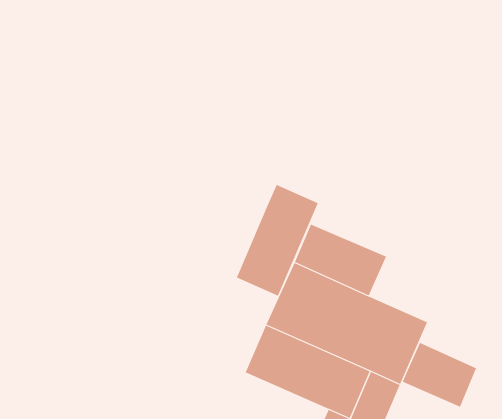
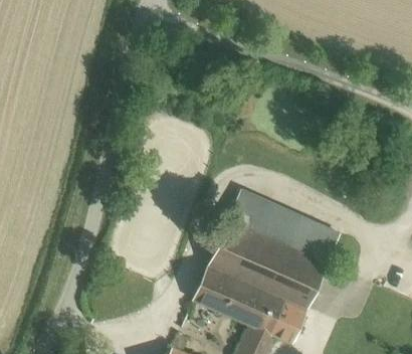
building: [236,184,319,297] -> none
building: [402,342,477,408] -> [284,214,340,262]

